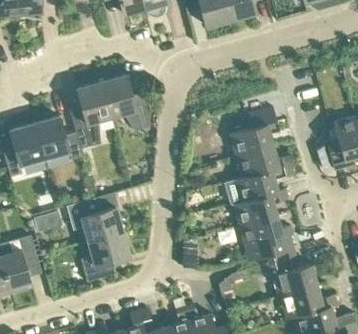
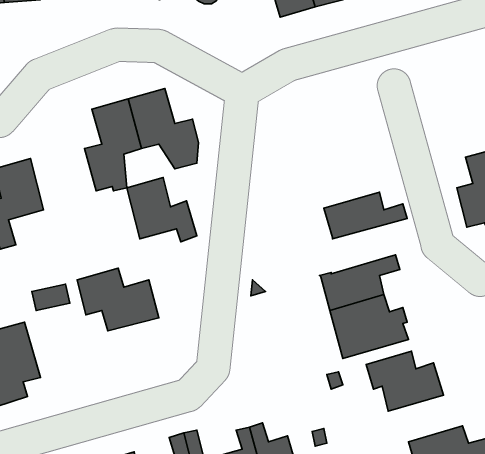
building: [230,107,280,157] -> none
building: [35,116,83,160] -> [127,178,197,242]
building: [225,164,296,205] -> none
building: [81,232,130,281] -> none
building: [280,285,337,319] -> none

